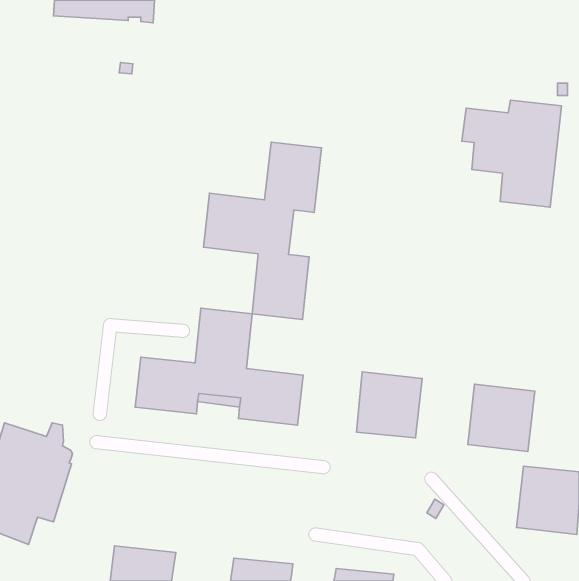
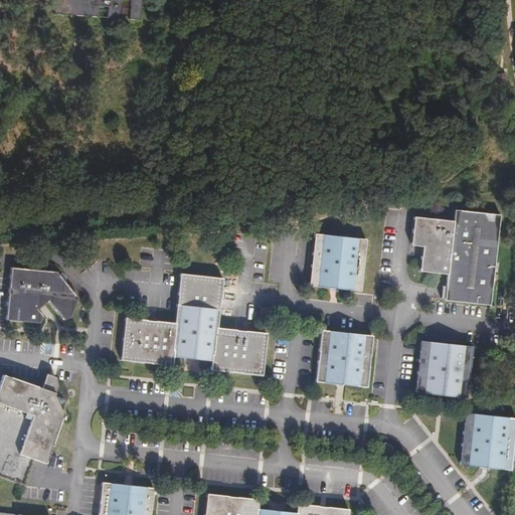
building: [462,100,562,207] -> [411,208,500,303]
building: [203,142,322,319] -> none
building: none -> [311,233,367,289]
building: none -> [8,268,77,322]

